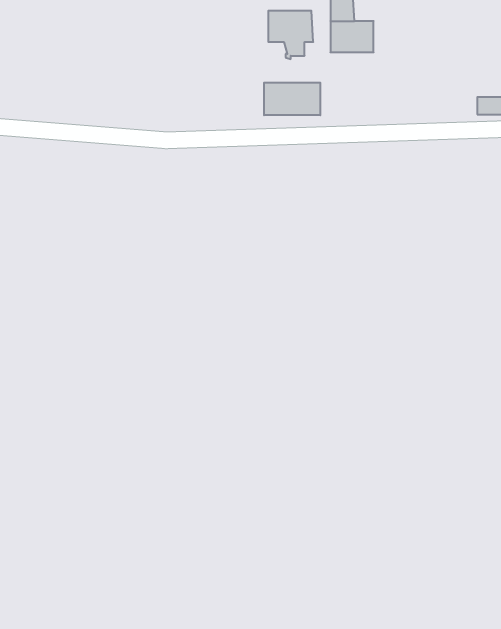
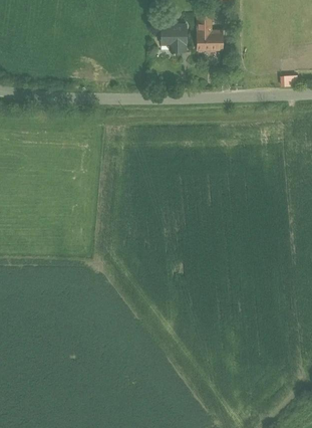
building: [264,83,320,115] -> none

